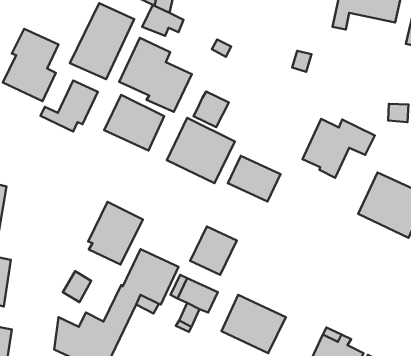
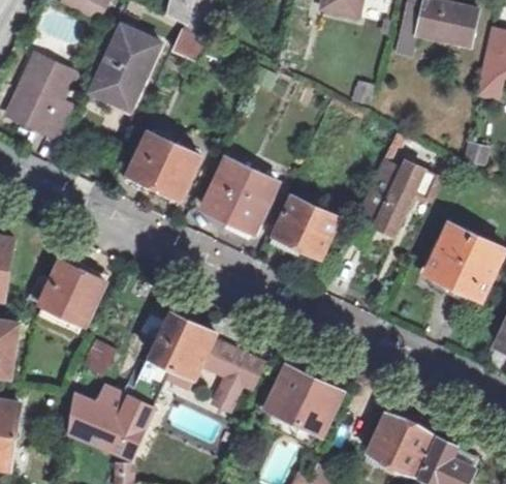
building: [119,38,192,112] -> none
building: [40,81,98,131] -> none
building: [193,91,229,127] -> none
building: [88,202,143,264] -> [38,260,102,333]
building: [190,226,237,275] -> none

